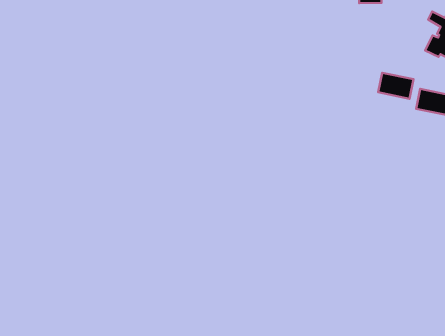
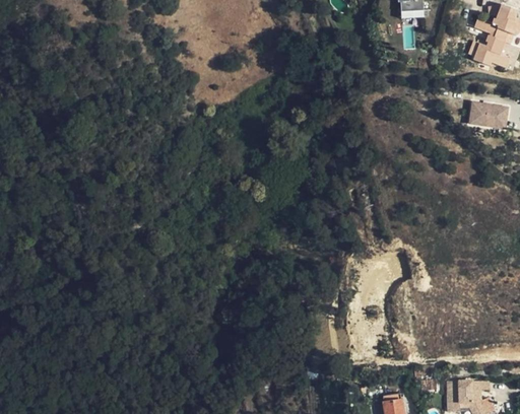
building: [378,73,414,99] -> none

